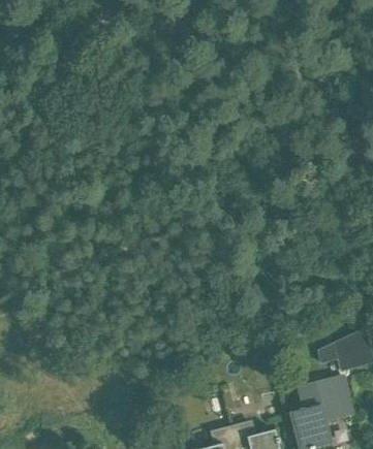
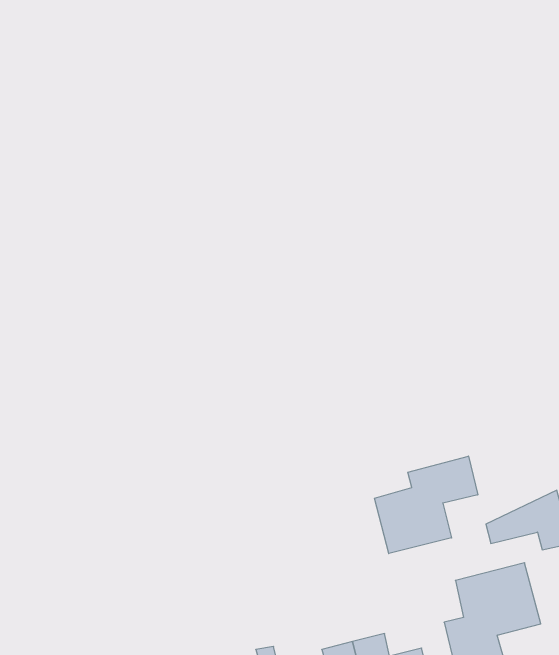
building: none -> [375,456,478,554]

